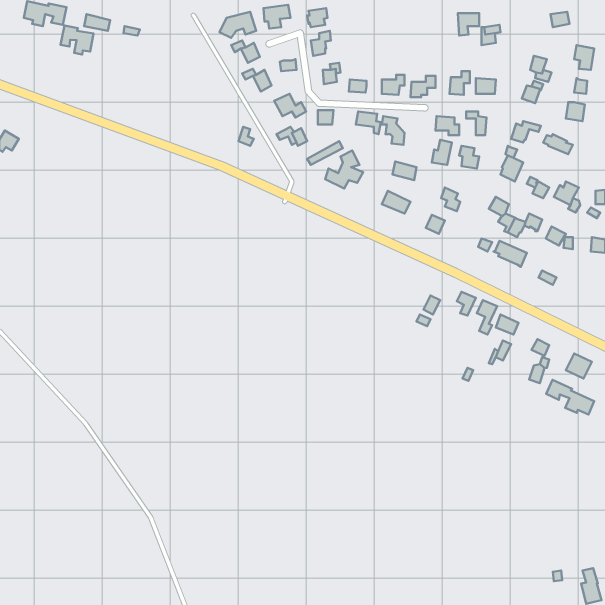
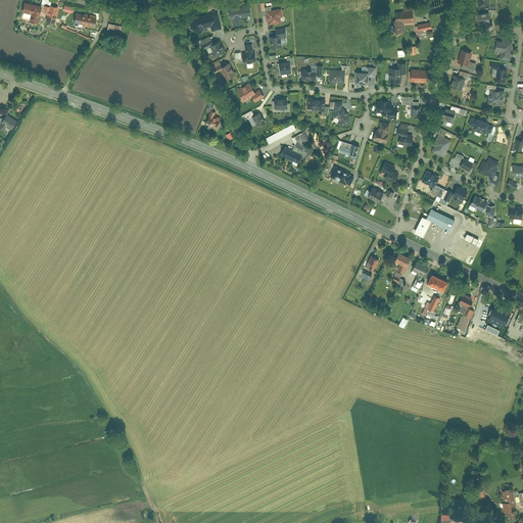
building: [61,26,93,54] -> none
building: [546,380,594,414] -> none

